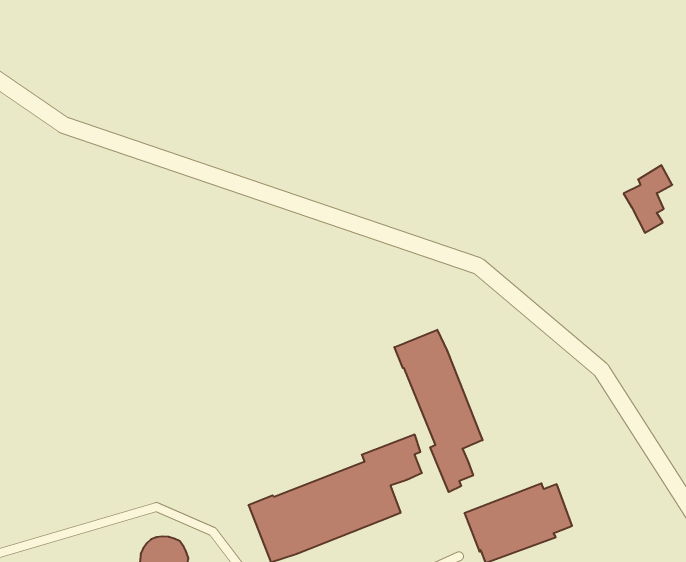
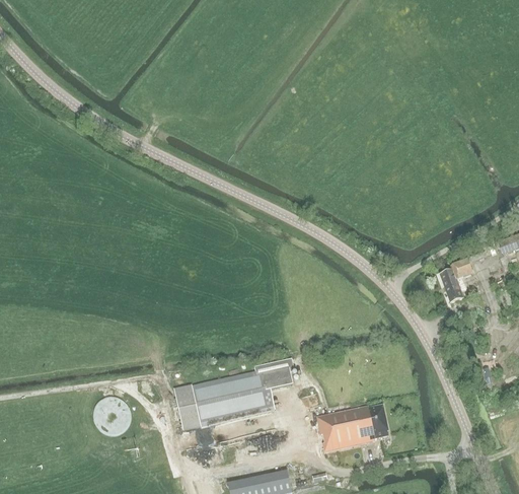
building: [624,165,672,233] -> [439,259,472,302]
building: [394,330,483,492] -> none

